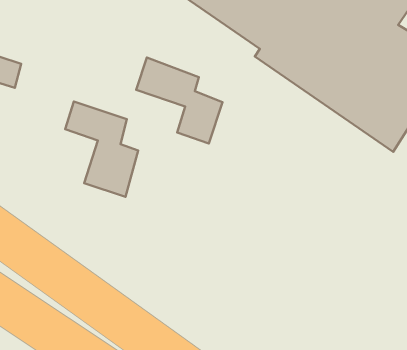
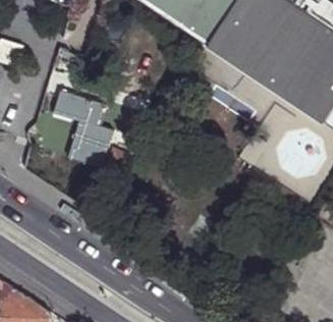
building: [136,57,223,143] -> none

